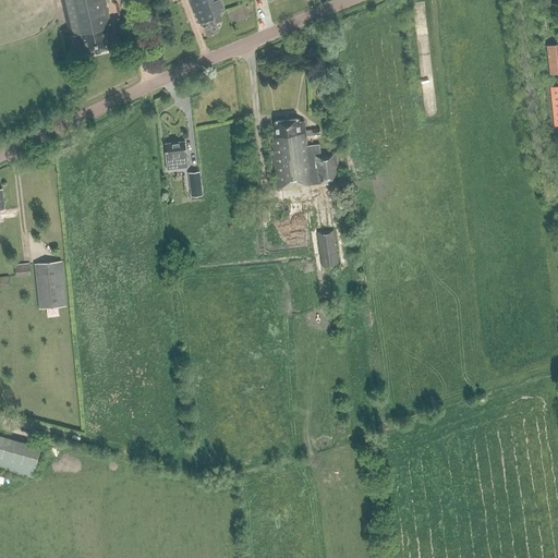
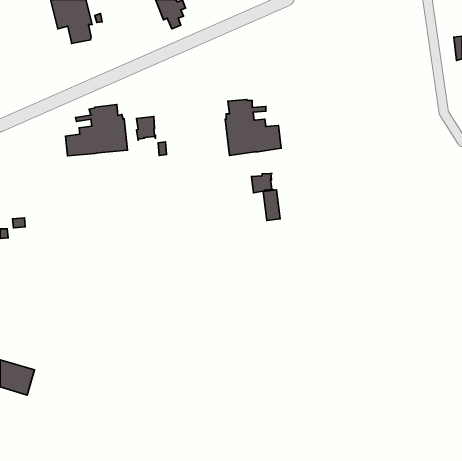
building: none -> [65,104,127,156]
building: none -> [252,173,274,193]
building: [35,260,66,307] -> none

